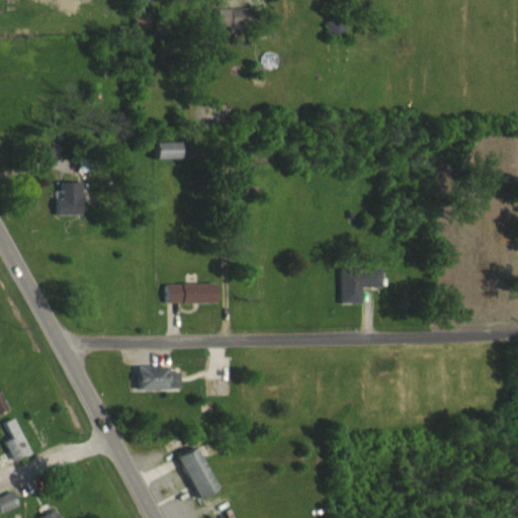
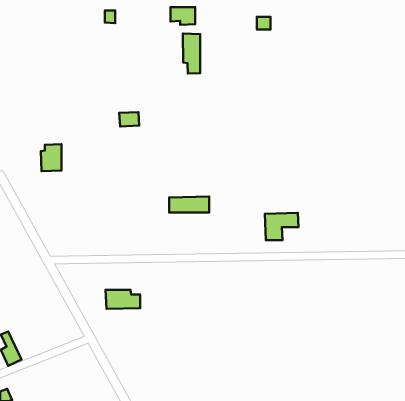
building: none -> [183,34,200,73]
building: [167,283,218,304] -> [169,197,209,213]
building: [178,447,219,500] -> none

